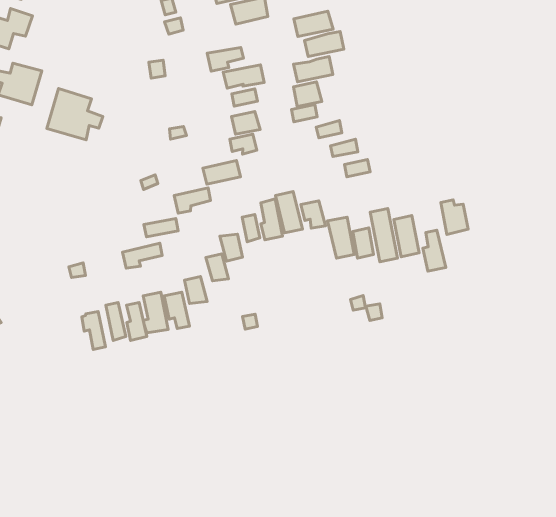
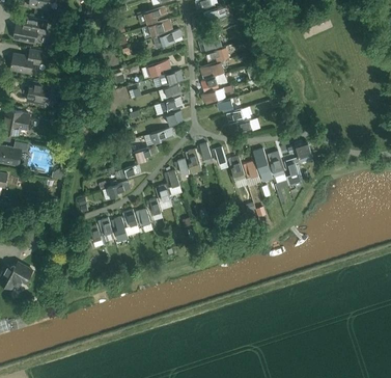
building: [47,88,103,140] -> none

